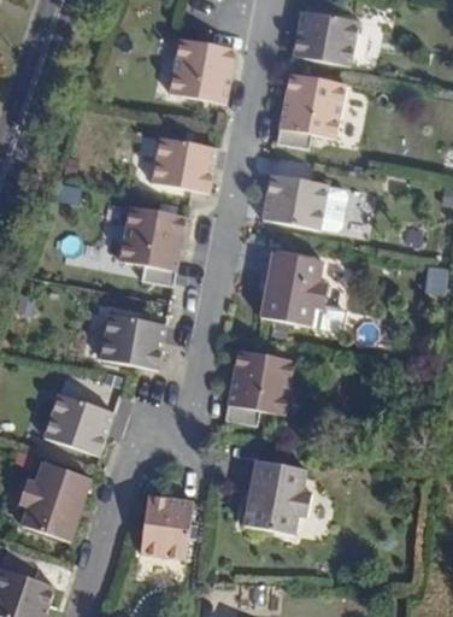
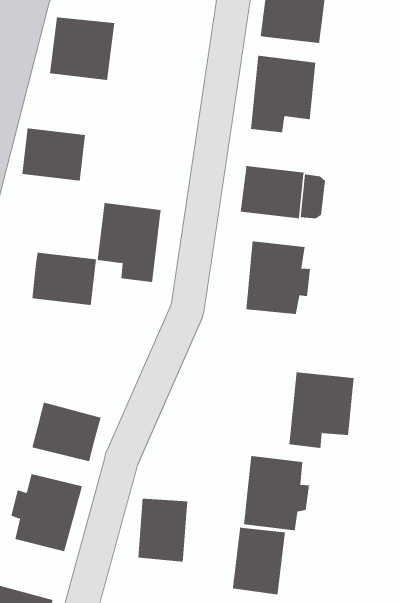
building: [169,37,236,102] -> [49,17,115,80]
building: [152,136,217,192] -> [22,128,86,181]
building: [100,312,166,368] -> [31,252,97,306]
building: [225,349,294,425] -> [288,372,355,448]
building: none -> [232,527,285,595]

